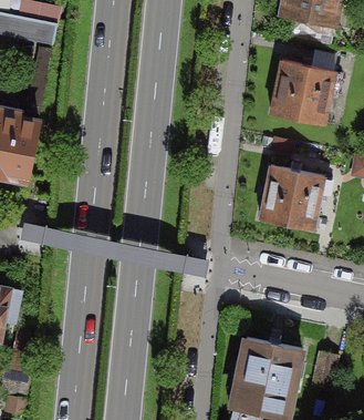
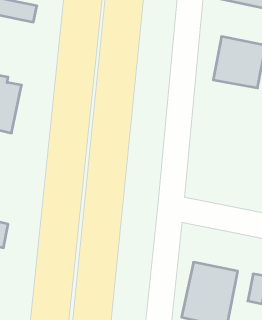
building: [260,167,324,233] -> none

